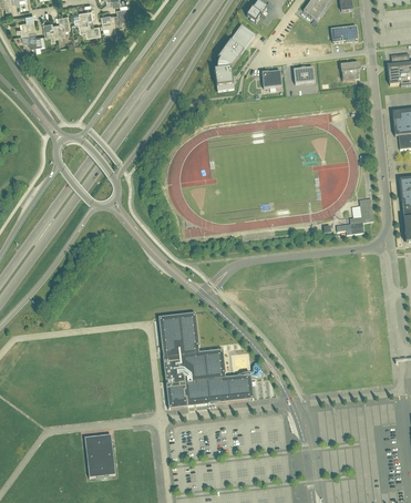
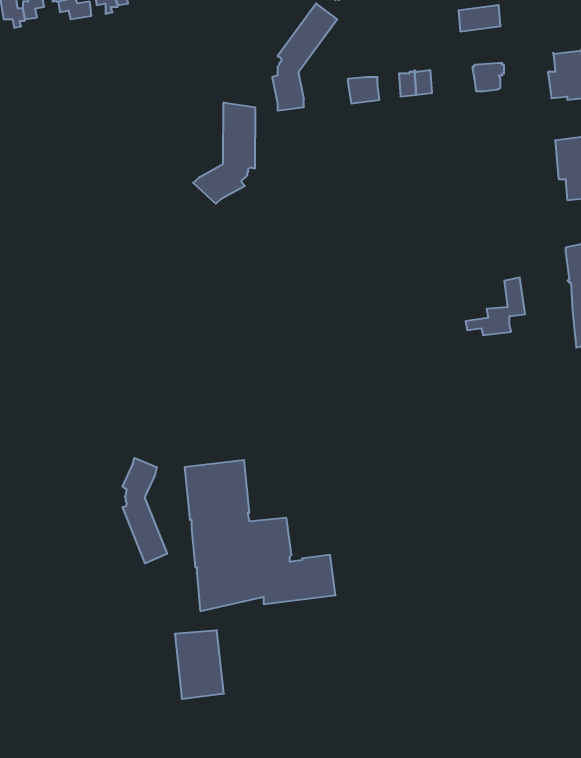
building: none -> [193,102,255,204]
building: none -> [123,458,167,563]
building: [84,434,115,478] -> [175,630,224,699]

